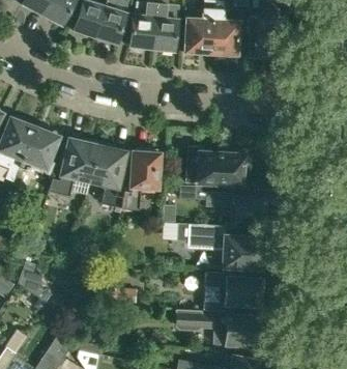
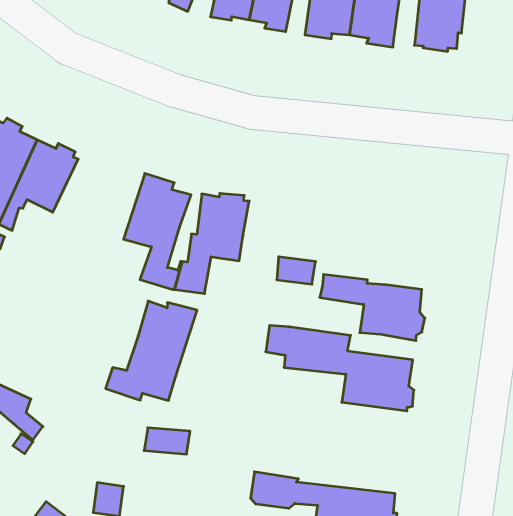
building: [49,138,98,196] -> [106,301,197,400]
building: [183,144,251,184] -> none
building: [202,272,264,312] -> none

